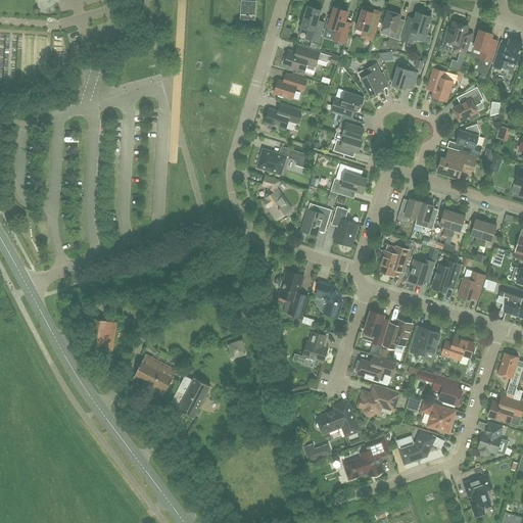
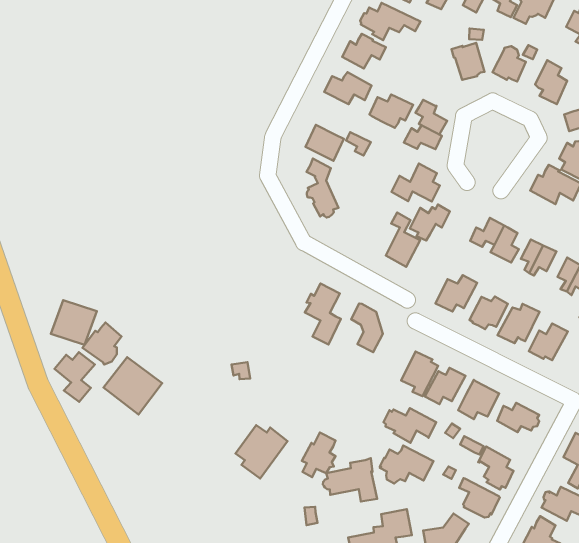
building: [330,92,363,117] -> [369,94,413,128]
building: [301,205,330,235] -> [410,204,450,241]
building: none -> [83,322,122,365]
building: [301,331,327,367] -> [302,432,336,477]
building: none -> [55,352,95,402]
building: [171,376,209,417] -> [235,425,288,479]

